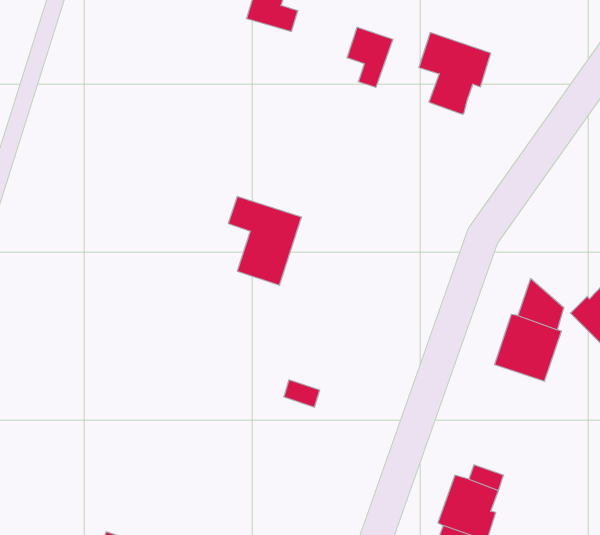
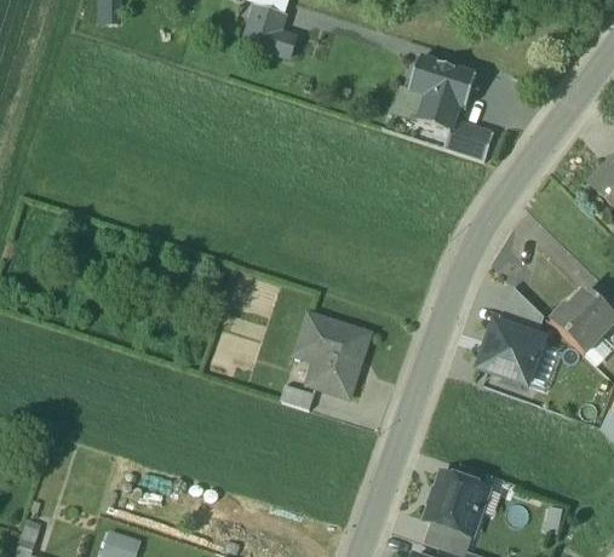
building: [347,27,393,87] -> none
building: none -> [442,119,493,160]
building: [228,196,302,285] -> [299,312,368,396]

